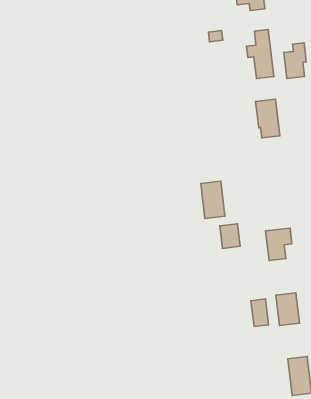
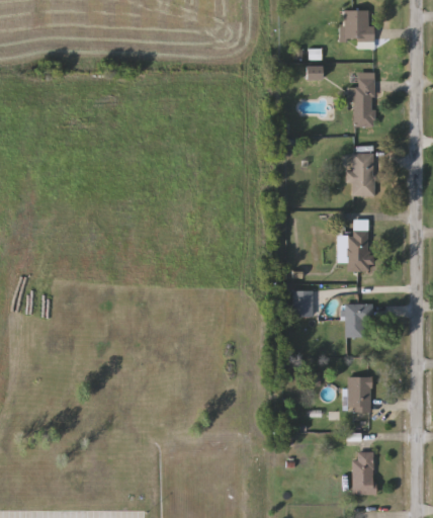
building: [284,43,306,79] -> none
building: [201,181,225,218] -> [347,230,370,270]
building: [251,299,268,326] -> none

